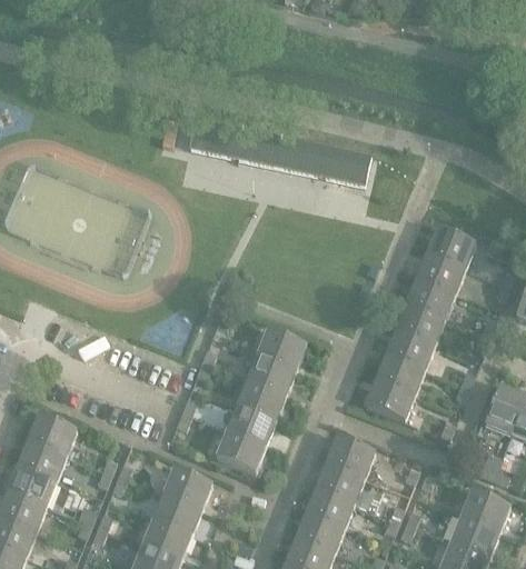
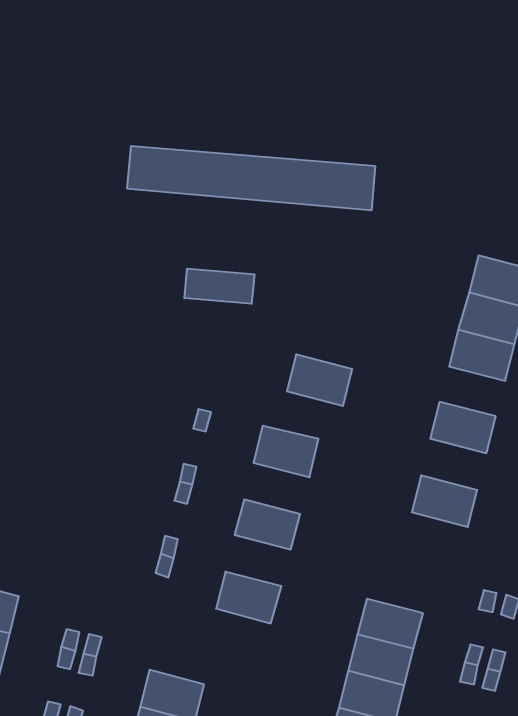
building: none -> [184,269,254,304]
building: [396,303,445,343] -> none
building: [376,353,425,395] -> none
building: [247,355,296,396] -> [287,354,352,406]
building: [227,405,276,446] -> none
building: [326,436,375,478] -> none
building: [163,468,212,509] -> none

